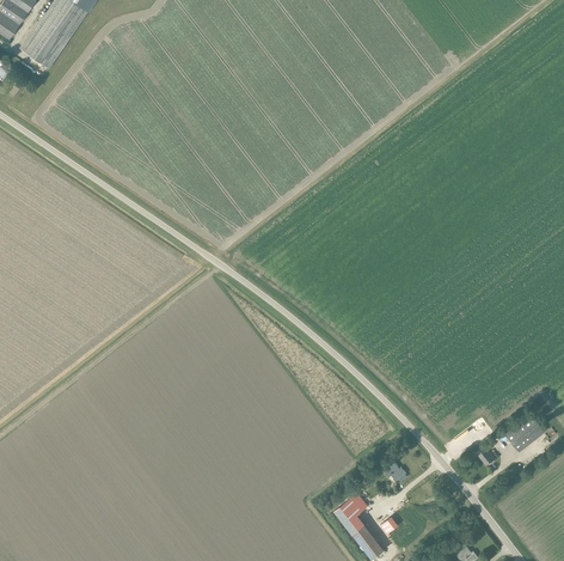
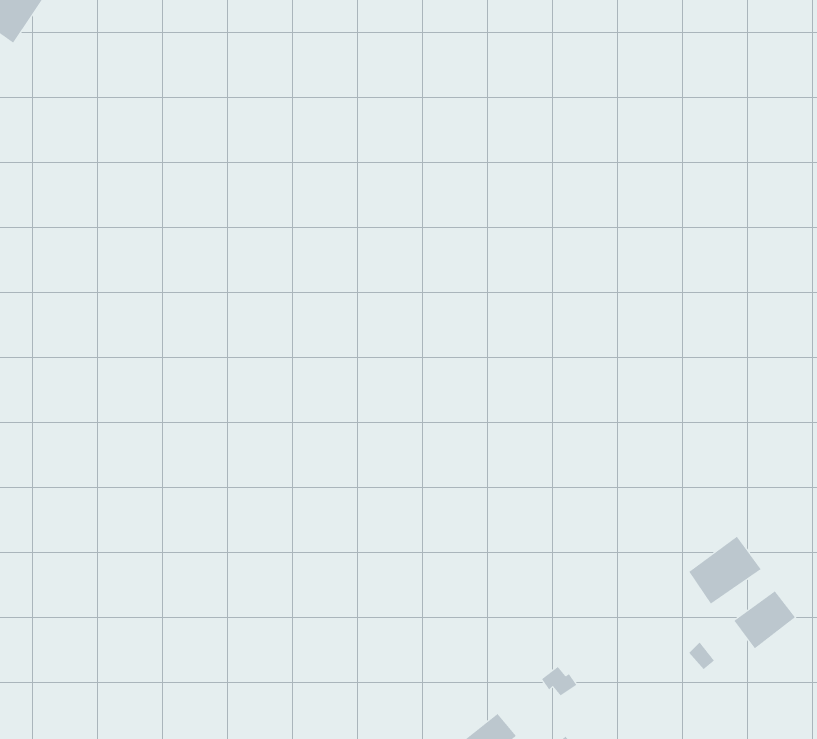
building: none -> [688,536,761,605]

